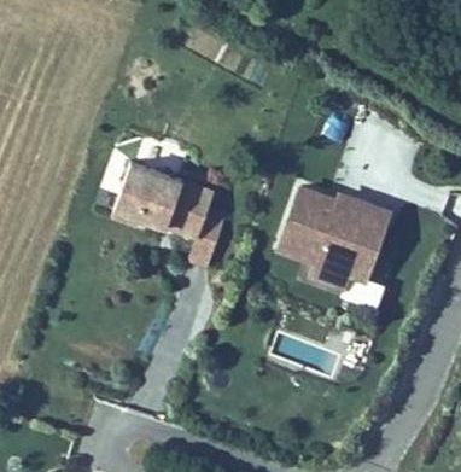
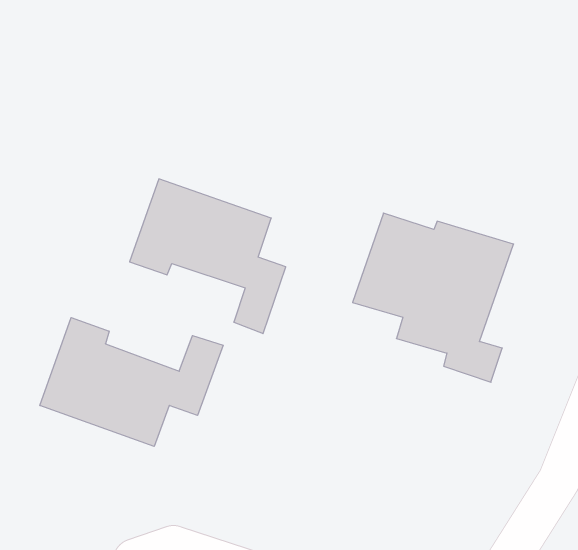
building: none -> [40,318,223,446]

